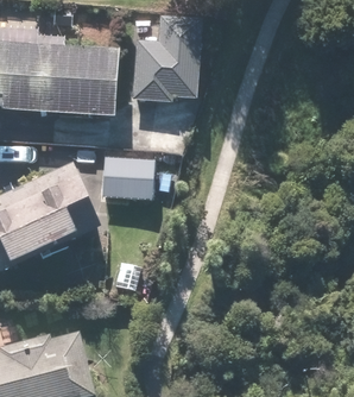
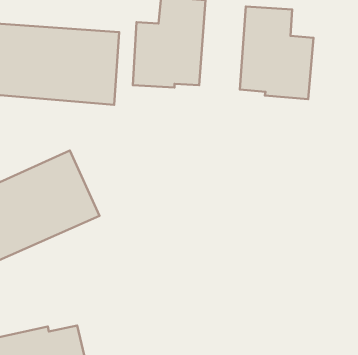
building: none -> [240,7,314,99]
building: [100,157,153,201] -> none

